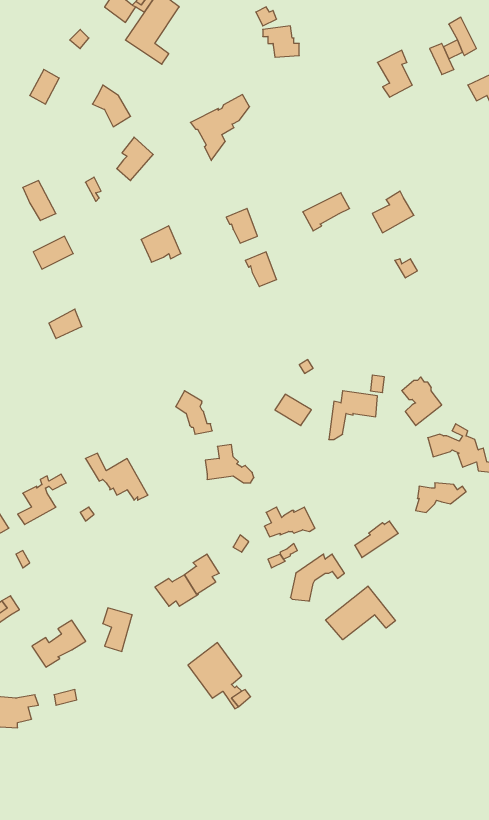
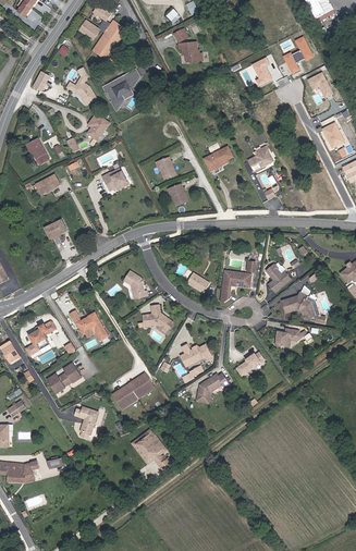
building: [190,95,250,161] -> [102,69,139,110]
building: [326,586,395,640] -> none
building: [32,620,86,667] -> [47,363,81,392]

